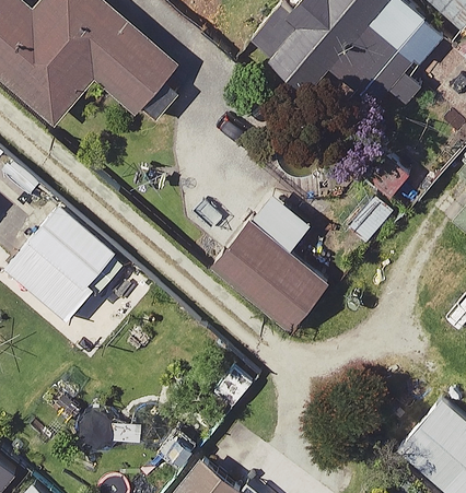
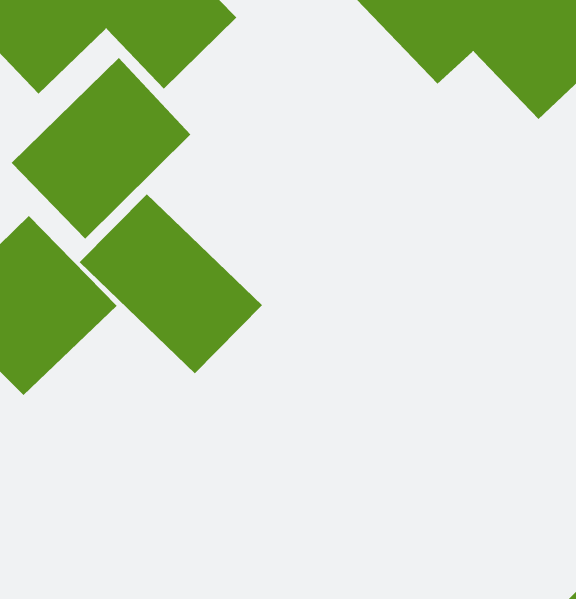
building: none -> [11,57,191,240]
building: [209,221,329,333] -> [79,193,263,374]

